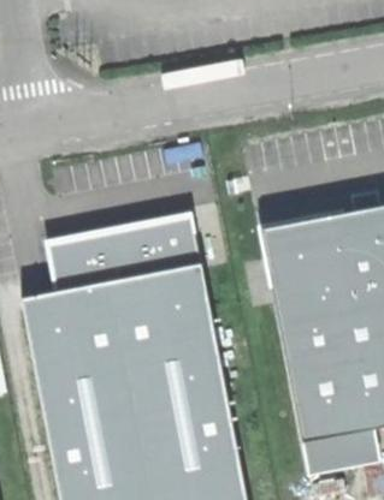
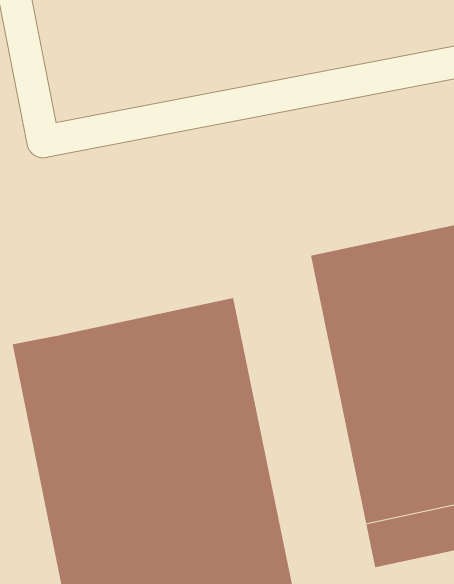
building: [46,209,196,285] -> none

